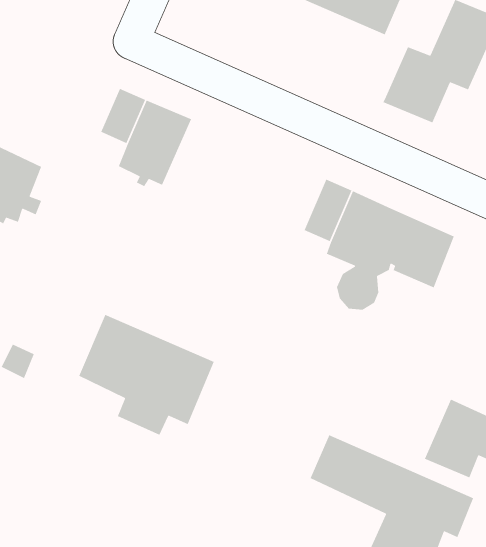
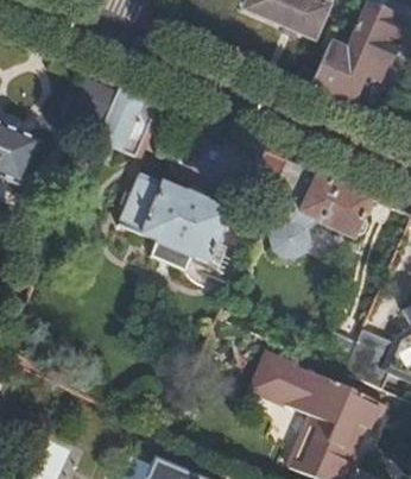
building: [78,314,215,436] -> [121,174,230,271]

